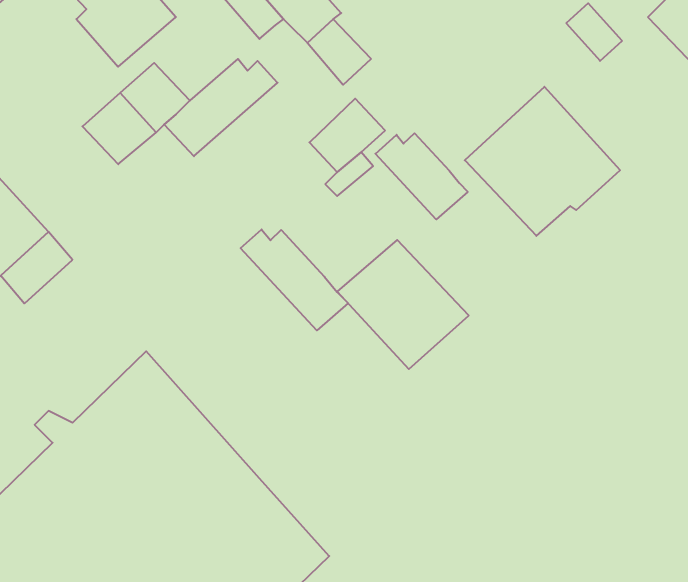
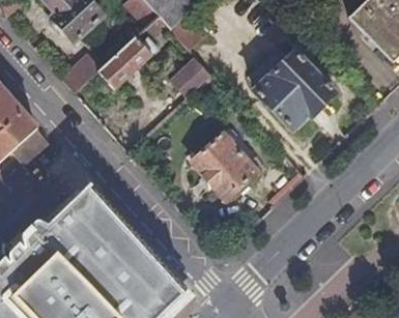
building: [375,133,468,219] -> none
building: [241,229,348,330] -> none

